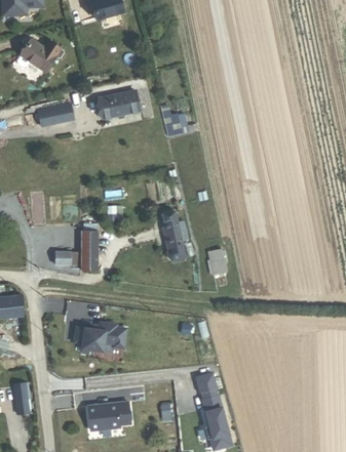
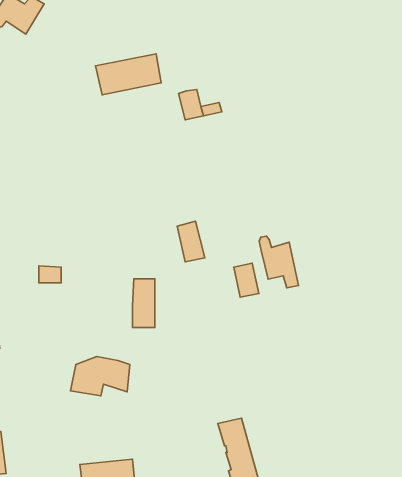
building: [38,105,74,128] -> none
building: none -> [259,236,298,288]
building: [80,232,98,270] -> [132,279,155,328]

